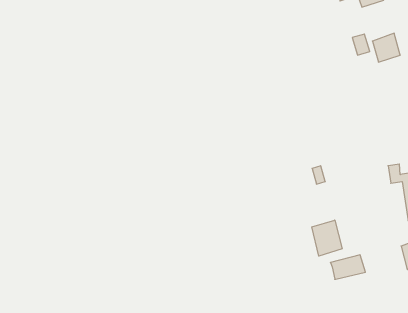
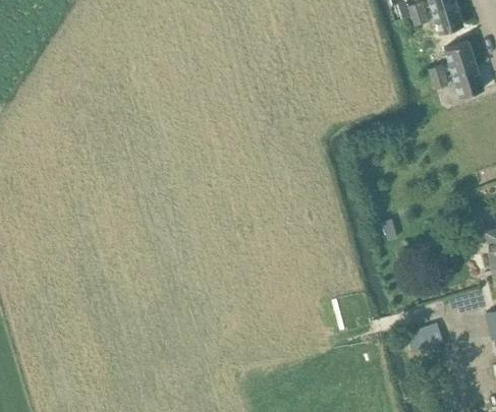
building: none -> [443,41,477,74]
building: [312,220,342,256] -> none

